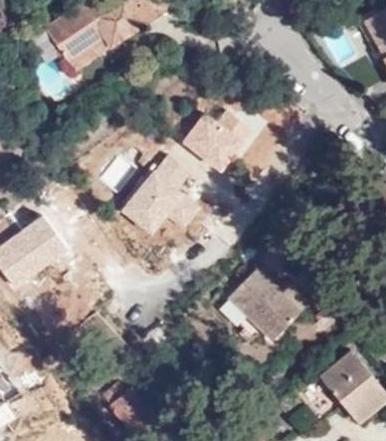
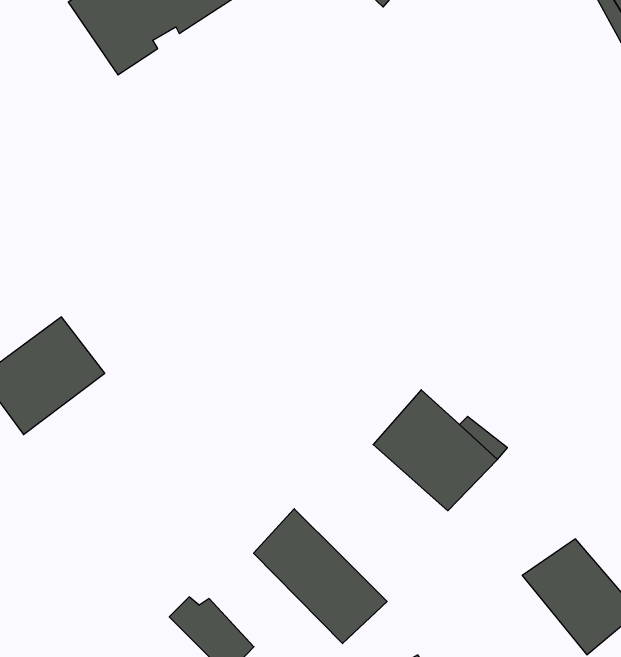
building: [181,112,252,174] -> none
building: [122,156,198,236] -> none
building: none -> [254,509,387,644]

